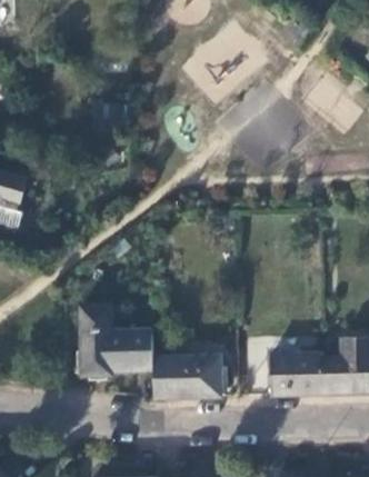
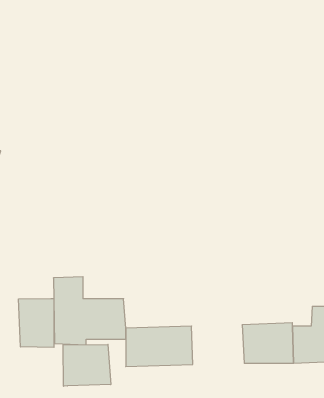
building: none -> [19,298,54,347]
building: none -> [63,344,111,386]

